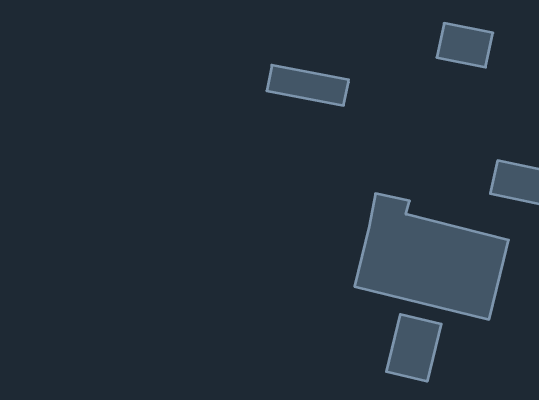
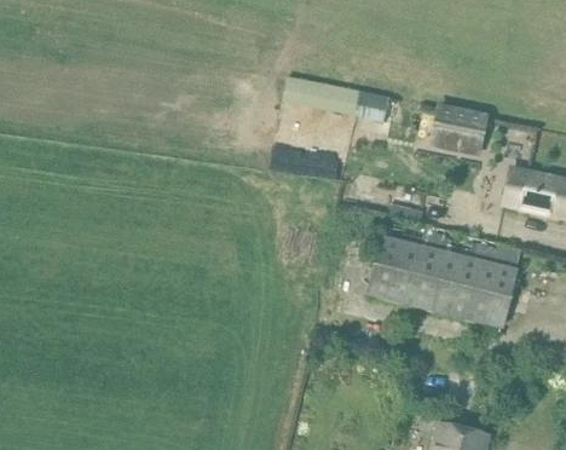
building: [437,23,493,67] -> [431,109,486,152]
building: [386,314,441,381] -> none

